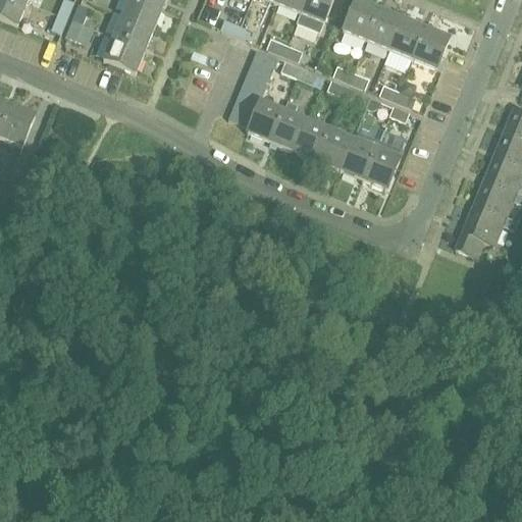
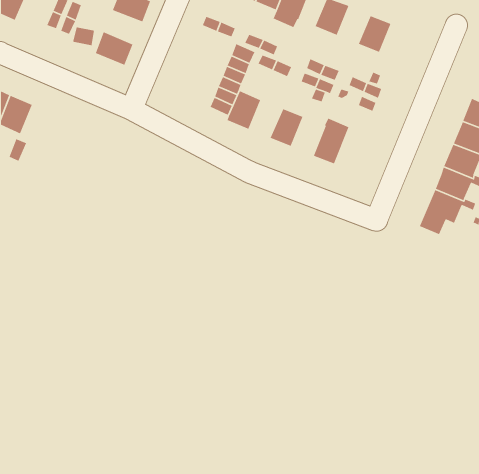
building: [367,6,403,48] -> none
building: [113,11,156,48] -> none
building: [413,25,450,67] -> none
building: [271,99,308,150] -> none
building: [317,126,354,169] -> none
building: [364,138,405,189] -> none

